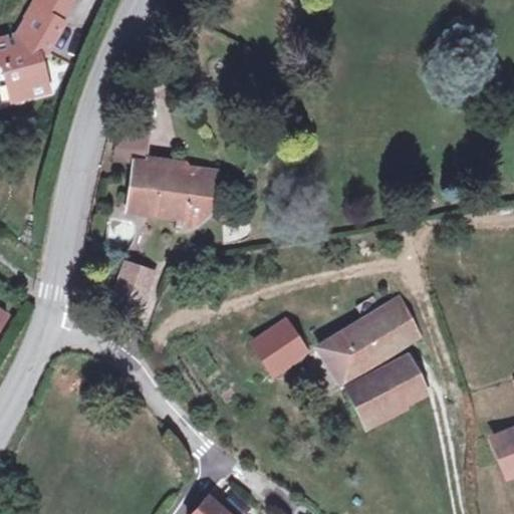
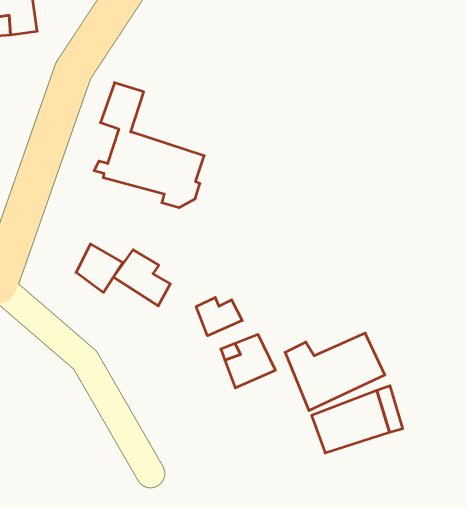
building: none -> [114,250,170,306]
building: [380,295,422,343] -> none
building: none -> [196,297,242,336]

